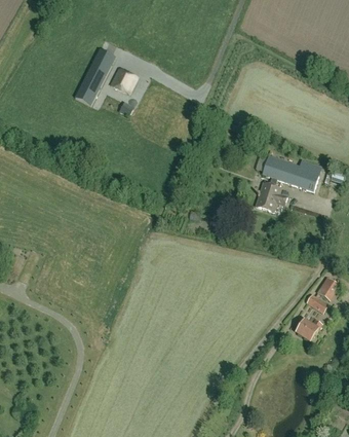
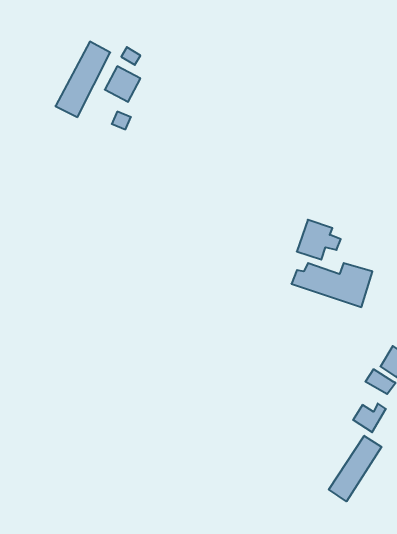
building: [263,159,323,192] -> [291,263,372,307]
building: none -> [329,436,381,501]

